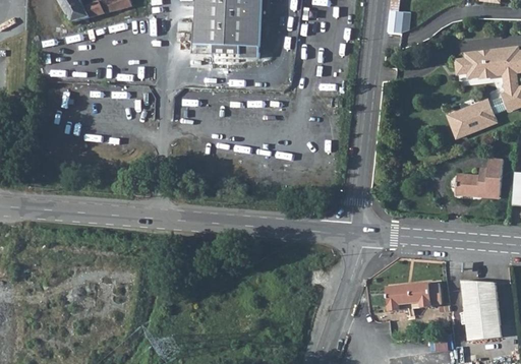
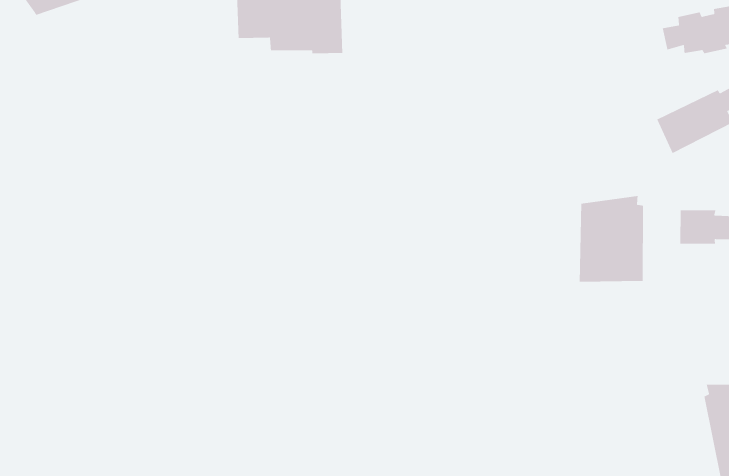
building: none -> [579,195,644,282]
building: [386,283,431,312] -> none

